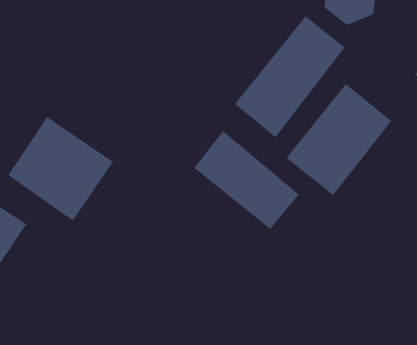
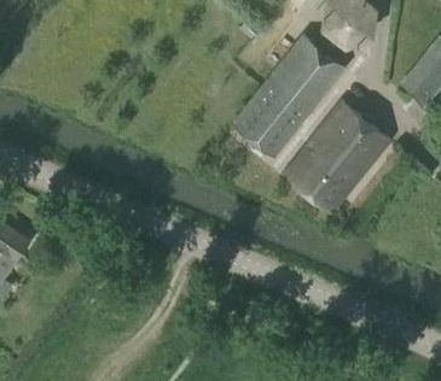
building: [7,116,114,221] -> none
building: [193,130,299,230] -> none

